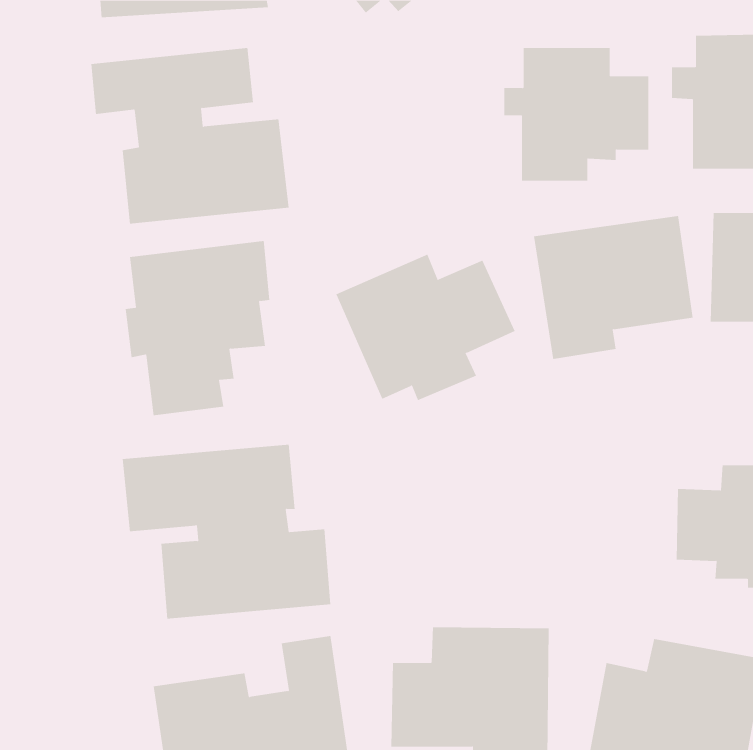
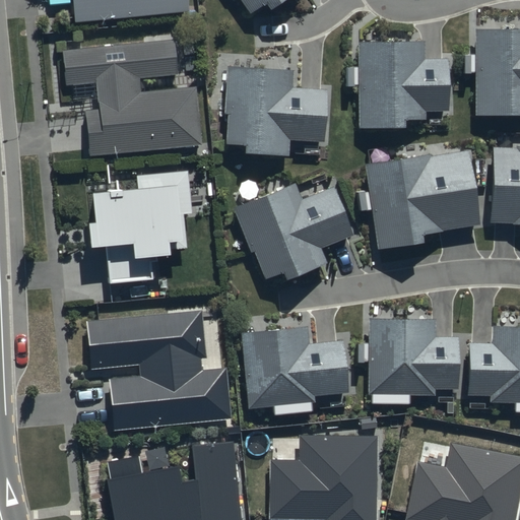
building: none -> [222,68,330,156]
building: none -> [356,315,460,400]
building: none -> [245,322,342,412]

